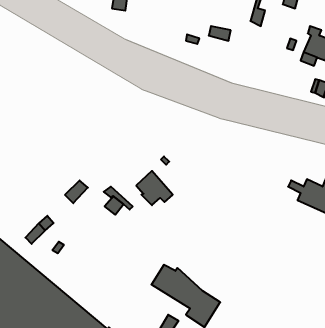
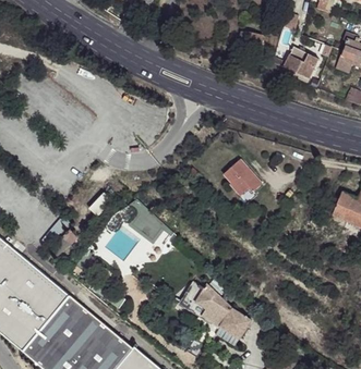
building: none -> [270,47,318,82]
building: [136,171,173,205] -> [224,159,262,195]

